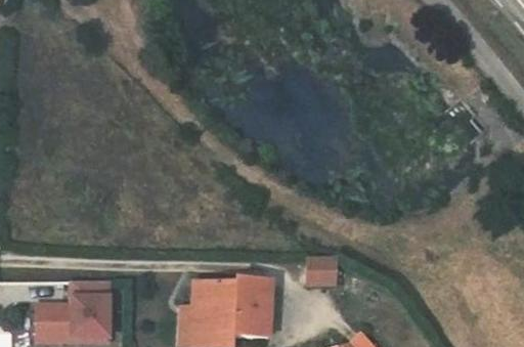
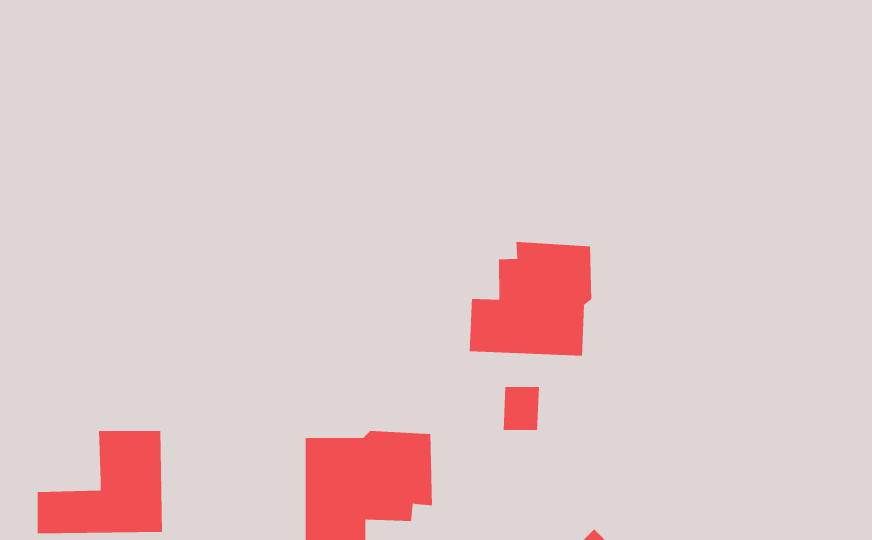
building: none -> [469,241,592,356]

